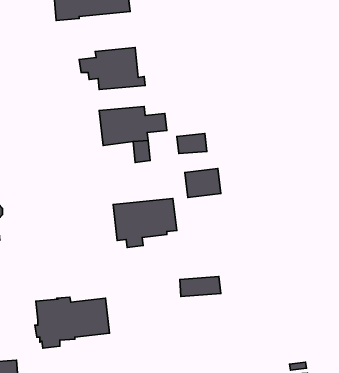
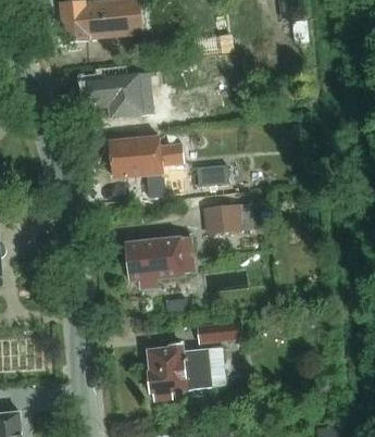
building: [35,297,110,348] -> [145,345,226,400]

